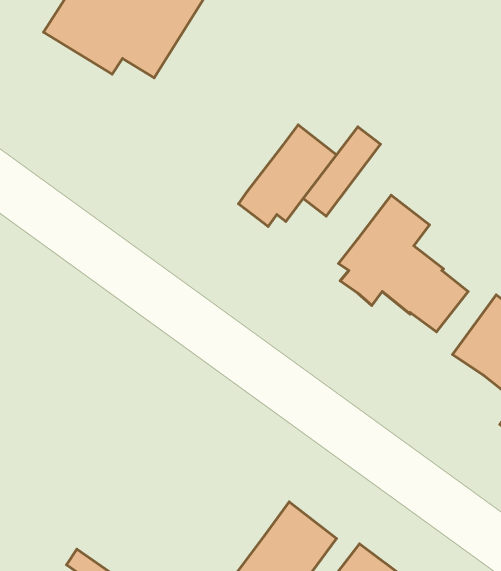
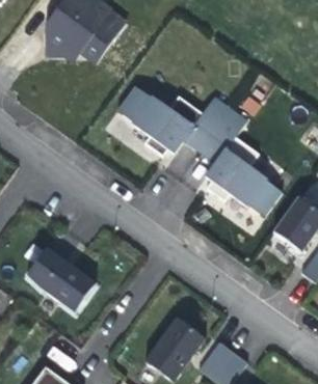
building: none -> [121,82,173,133]
building: none -> [198,105,249,161]
building: none -> [27,248,96,312]

